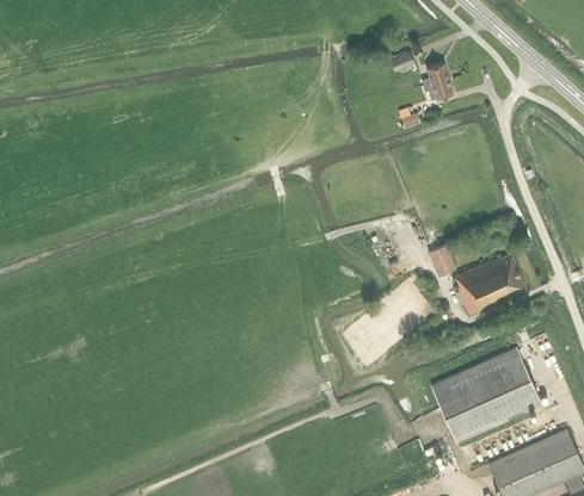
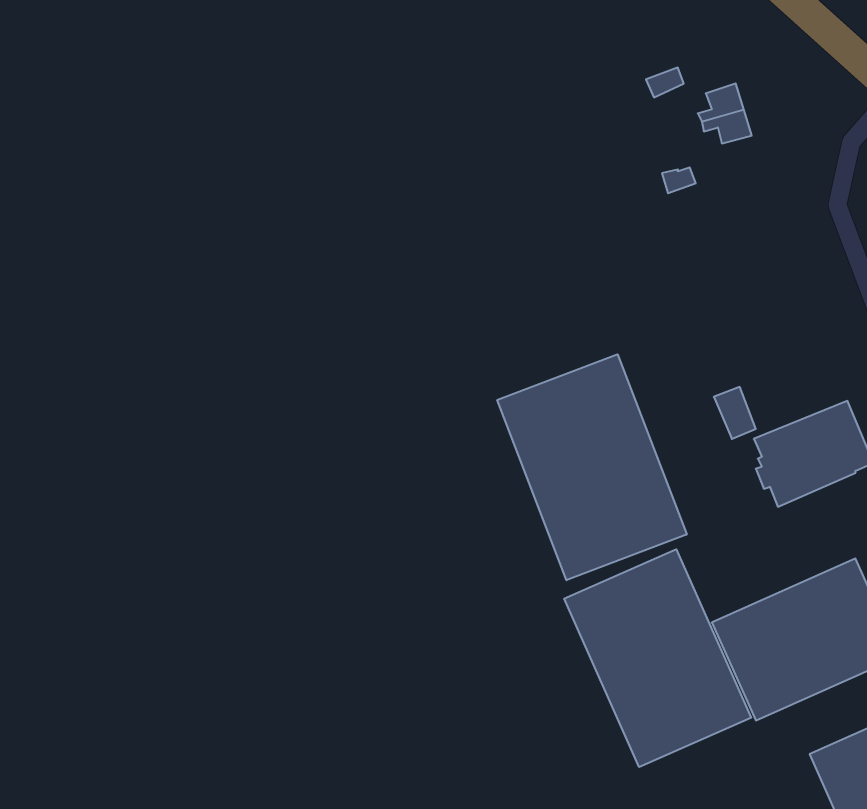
building: none -> [497,354,687,580]
building: none -> [564,549,751,767]

